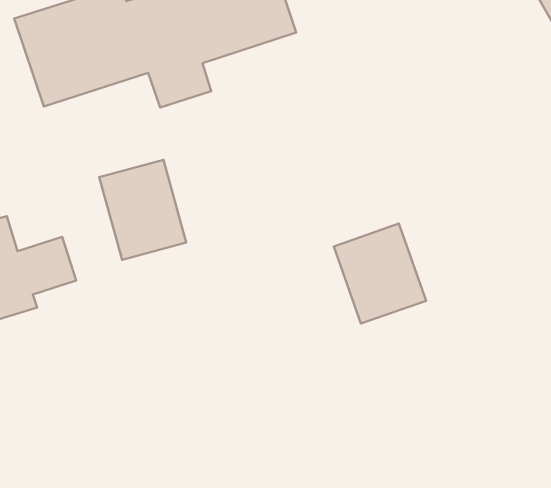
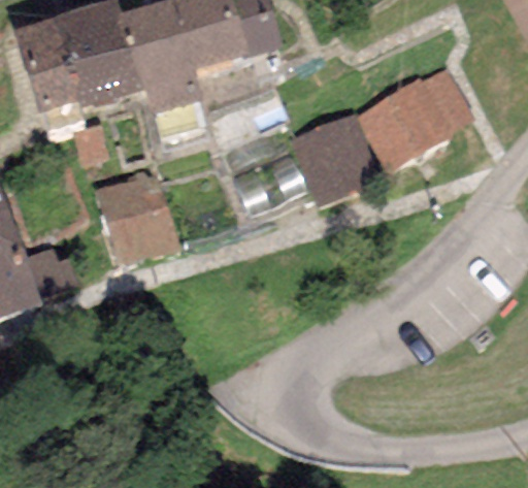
building: none -> [358,62,475,167]
building: [334,224,426,324] -> [290,111,377,206]

